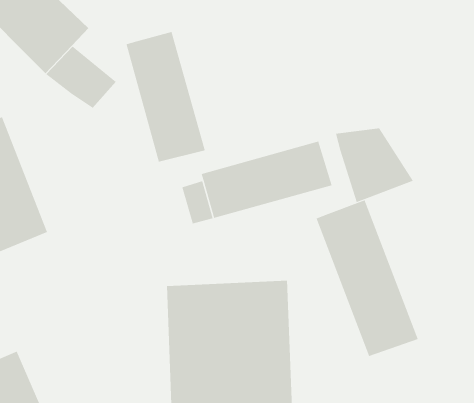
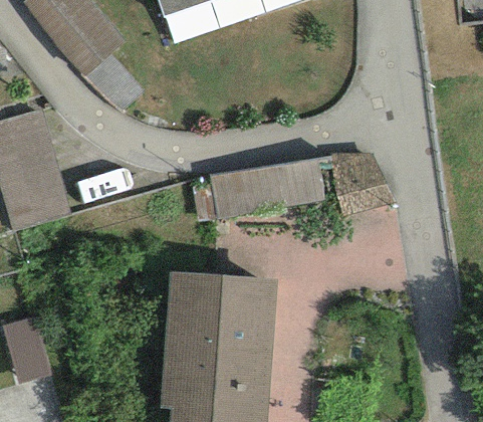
building: [126,31,205,162] -> none
building: [316,200,418,357] -> none

